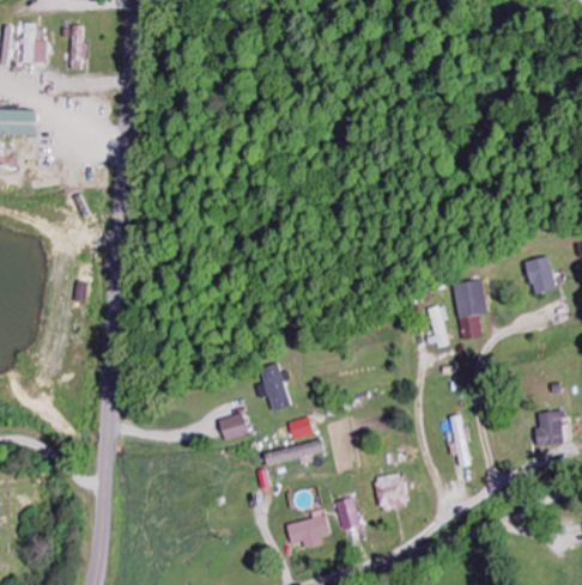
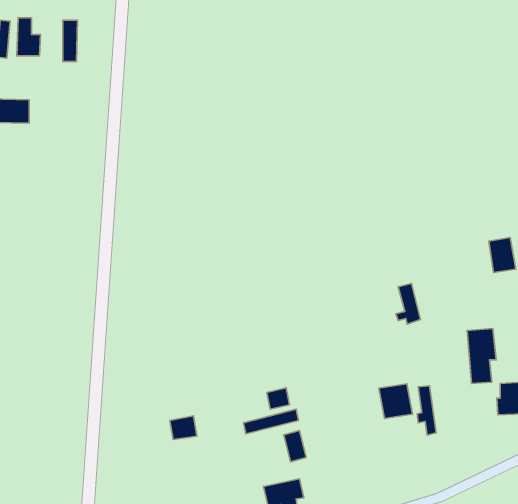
building: [456,280,487,339] -> [467,328,496,383]
building: [260,362,291,410] -> none
building: [218,414,247,439] -> [170,416,197,440]
building: [374,473,410,510] -> [379,384,413,419]
building: [335,496,359,530] -> [284,430,306,462]

